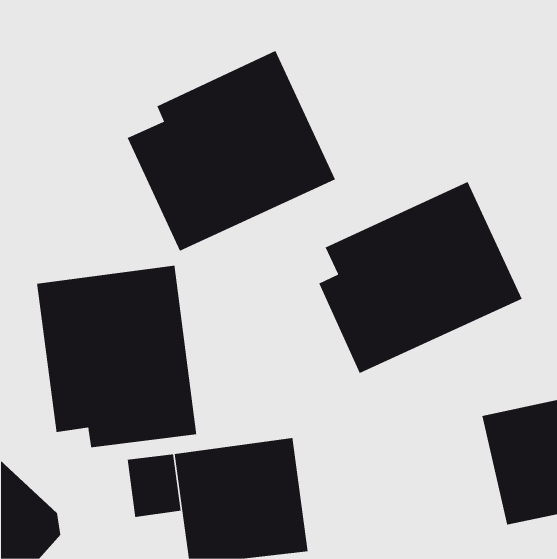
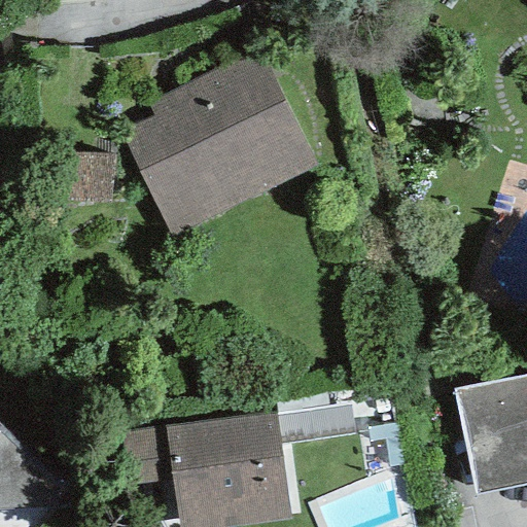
building: [319,181,523,374] -> none
building: [36,265,197,448] -> none

